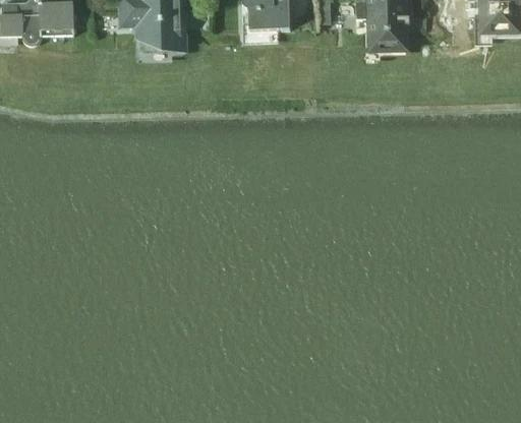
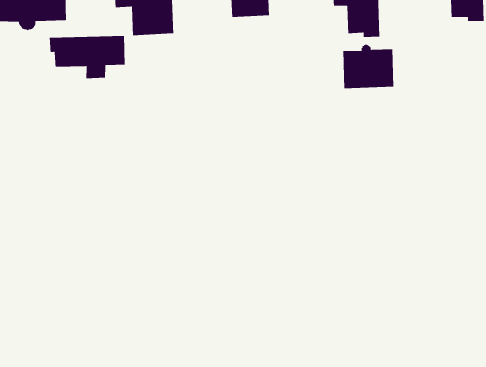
building: none -> [49,35,126,79]
building: none -> [342,44,394,89]

